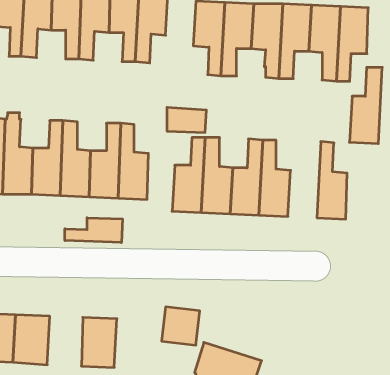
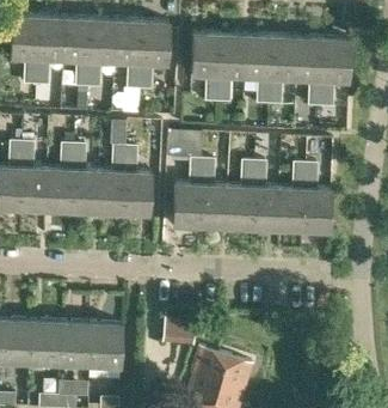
building: [349,67,382,144] -> [276,162,306,231]
building: [65,218,122,243] -> none
building: none -> [57,321,90,366]

